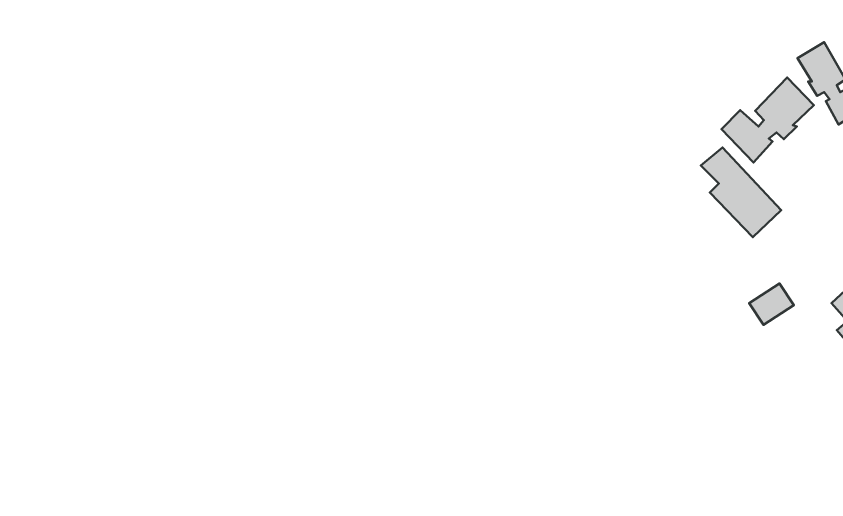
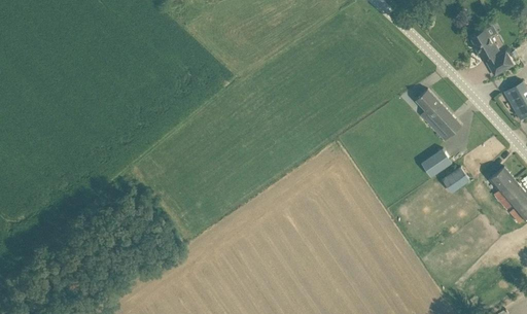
building: [721,78,814,163] -> none
building: none -> [422,148,453,177]

